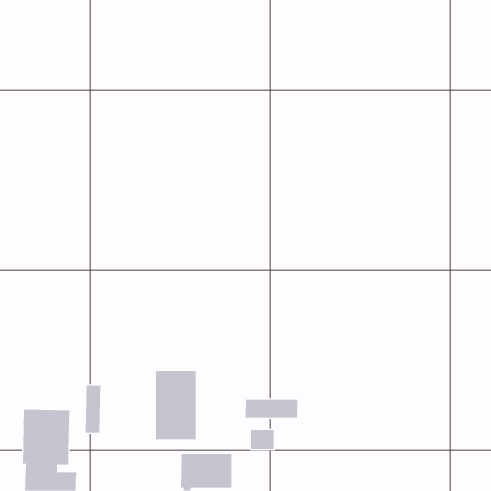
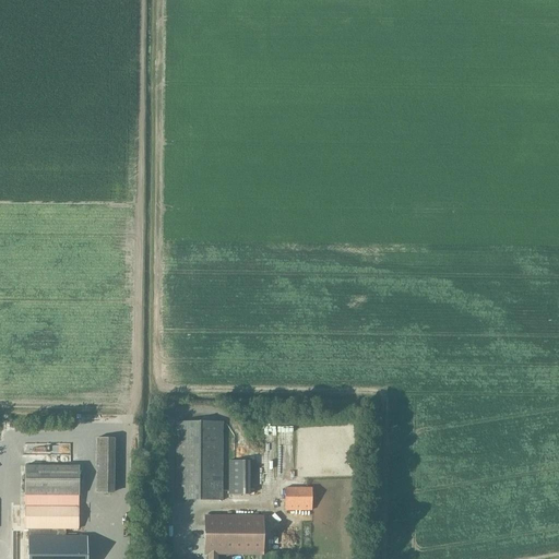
building: [245,399,298,418] -> none
building: none -> [229,460,251,493]

